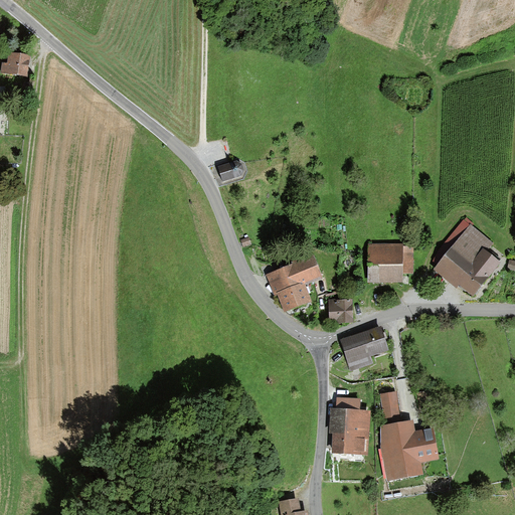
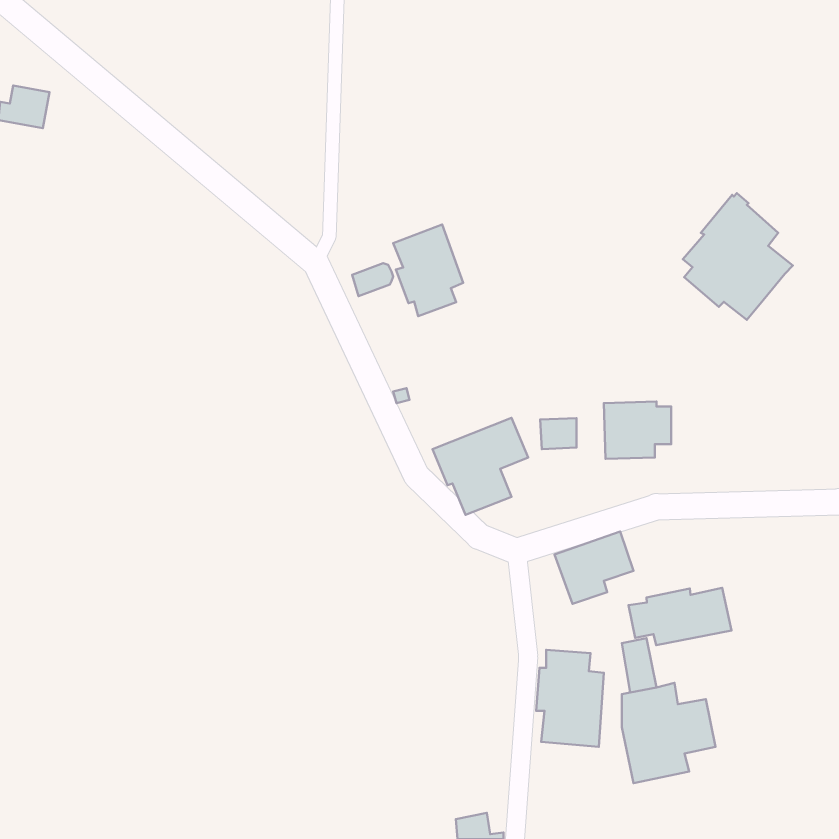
building: none -> [393,224,463,316]
building: [433,217,500,295] -> [683,193,793,320]
building: [329,303,351,322] -> [540,418,576,449]
building: none -> [628,588,731,645]

